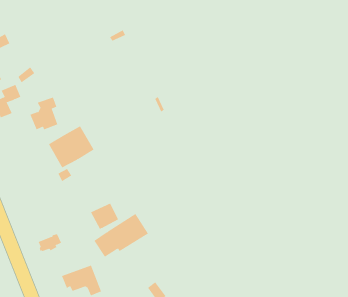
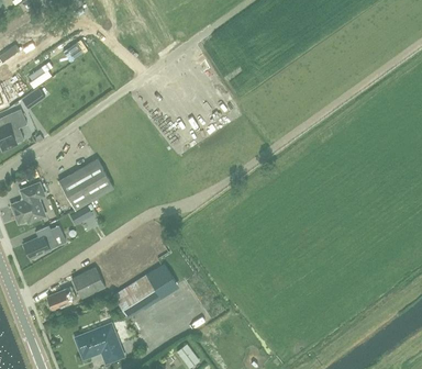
building: [30,97,58,130] -> [11,183,45,223]
building: none -> [23,225,66,258]
building: [90,203,119,230] -> [71,267,106,299]

